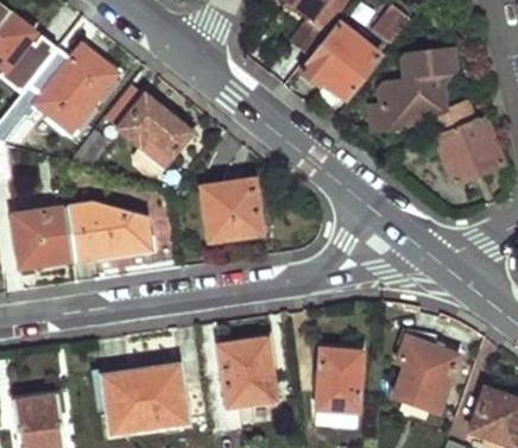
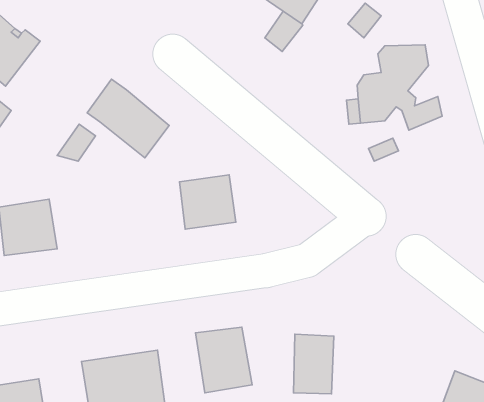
building: [302,23,378,96] -> none
building: [32,43,121,134] -> none
building: [437,116,504,183] -> none
building: [67,206,149,259] -> none
building: [392,332,459,408] -> none

